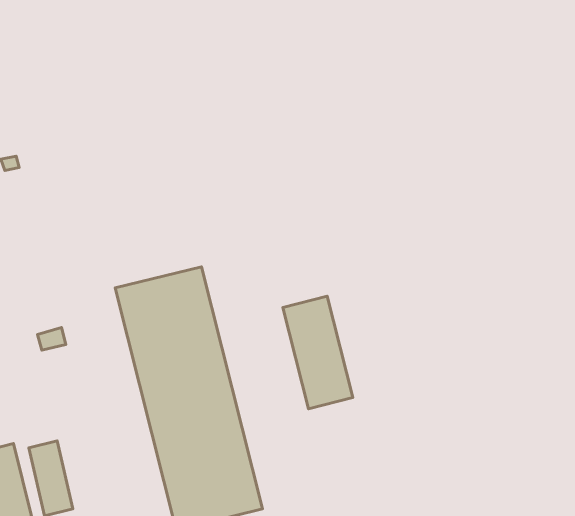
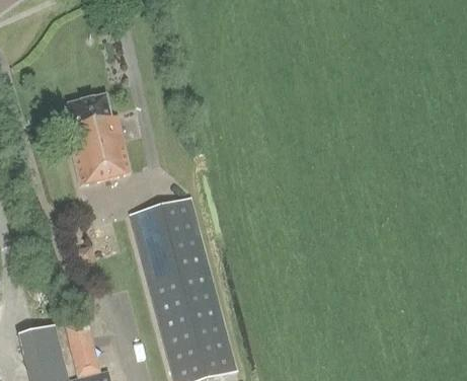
building: none -> [65,92,130,183]
building: [283,296,353,409] -> none

